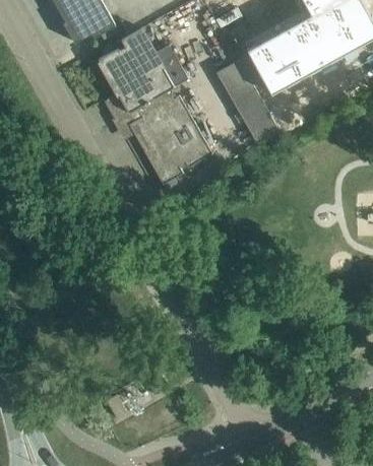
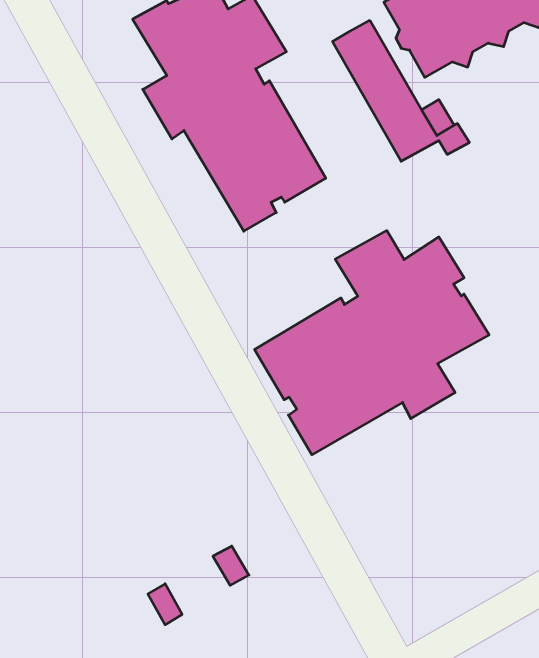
building: none -> [255,231,489,455]

